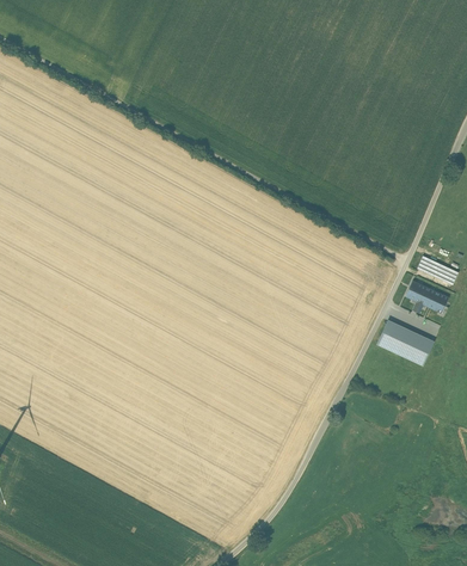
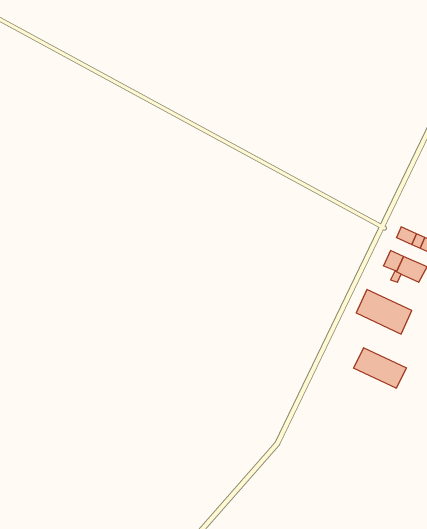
building: none -> [354,348,406,388]

